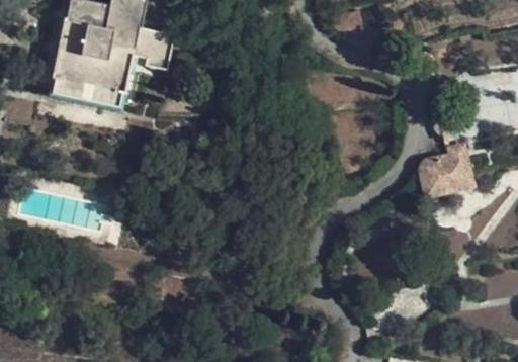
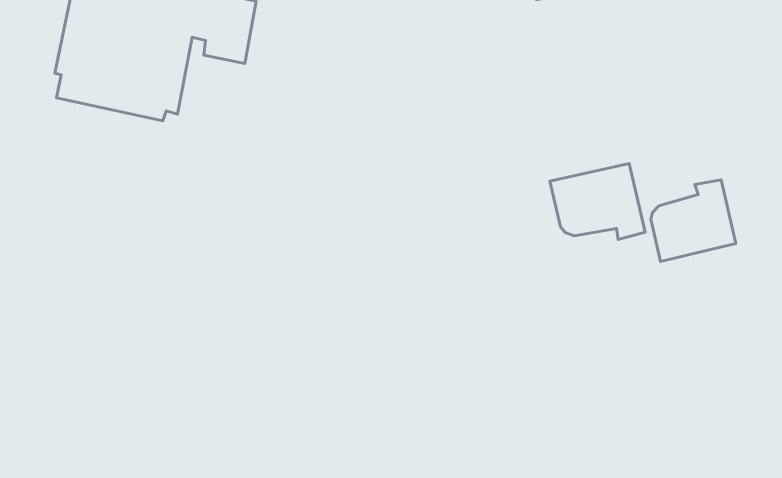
building: none -> [550,164,645,240]

